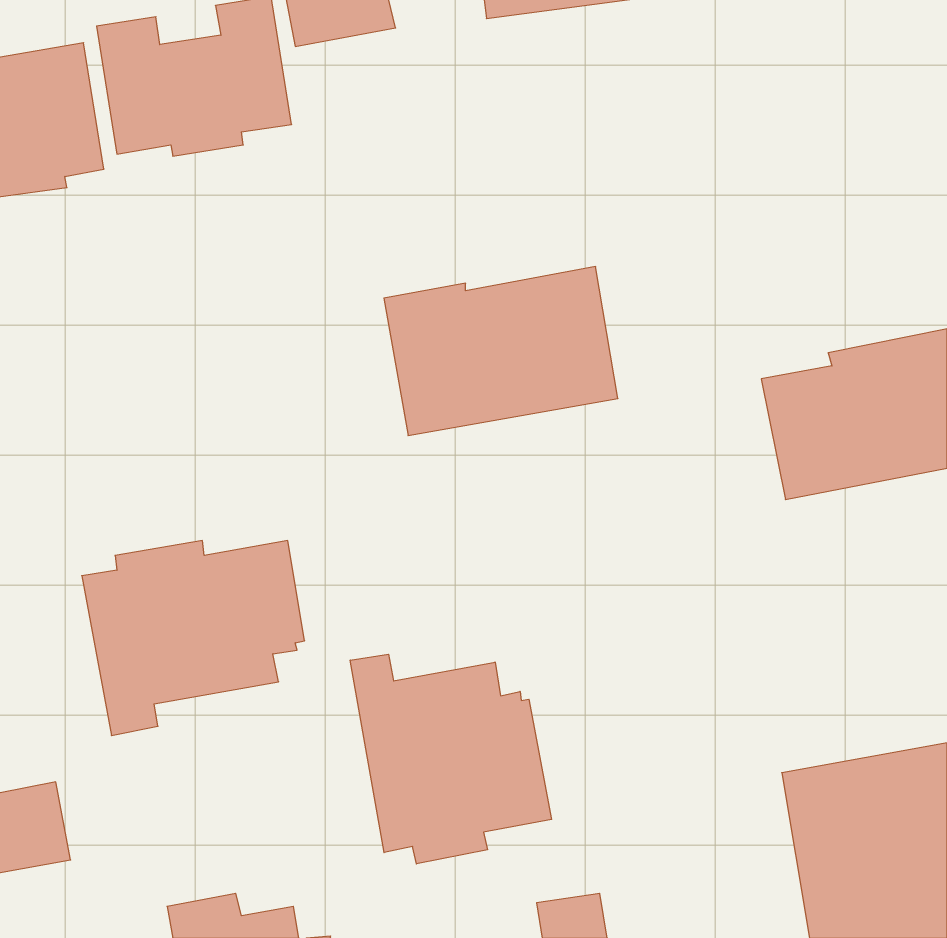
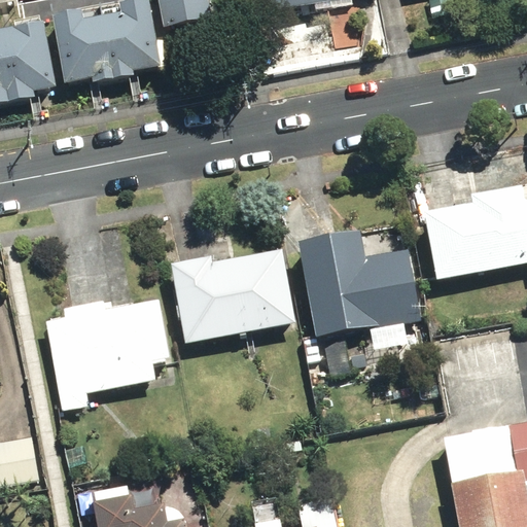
building: [384,267,618,436] -> [169,248,298,342]
building: none -> [300,229,422,375]
building: [350,654,552,864] -> none

